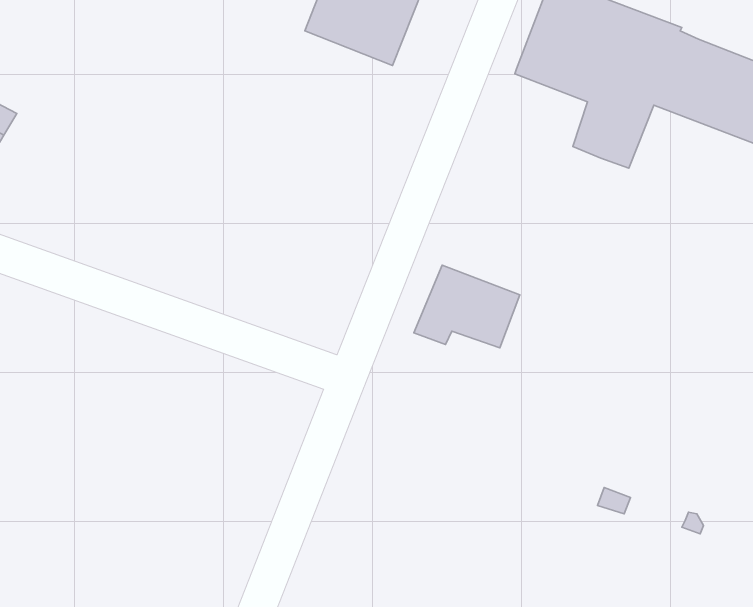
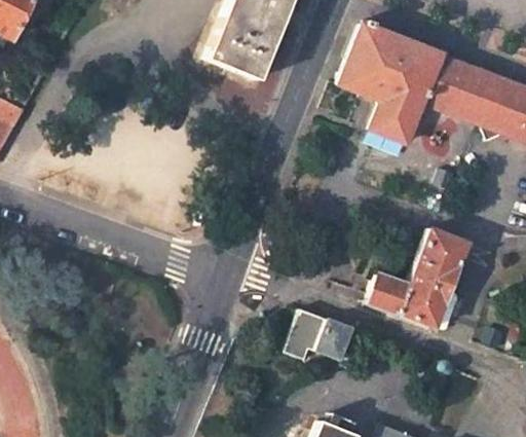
building: [414,265,520,348] -> [283,308,348,360]
building: none -> [369,229,466,329]

